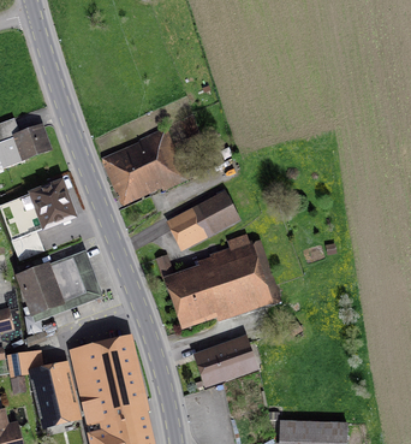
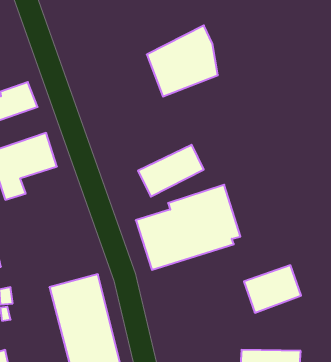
building: [102,126,181,206] -> [147,25,218,97]
building: [19,251,101,316] -> none
building: [195,336,258,389] -> [244,265,301,313]
building: [31,363,75,421] -> none

